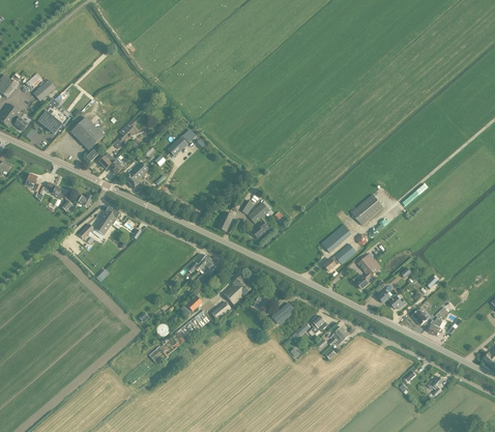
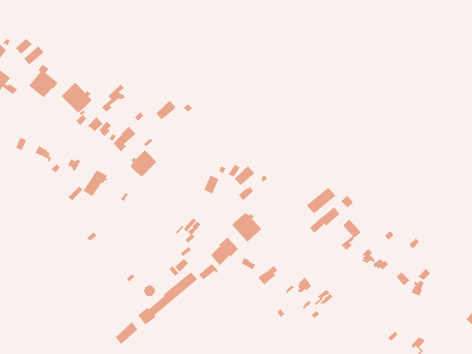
building: none -> [129,149,157,177]
building: [350,194,382,225] -> none
building: none -> [232,212,262,243]

